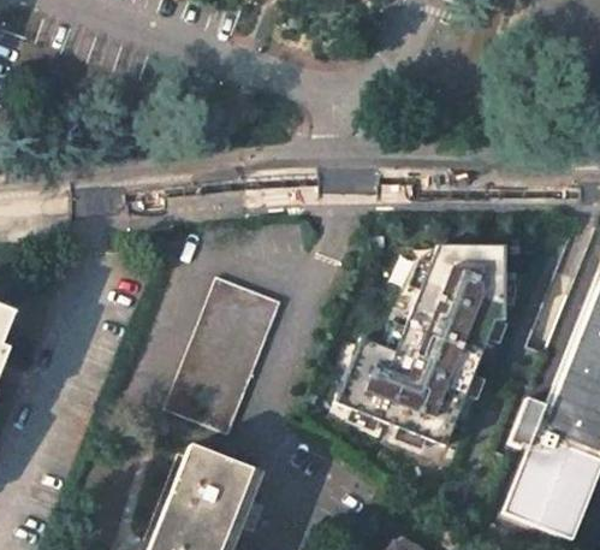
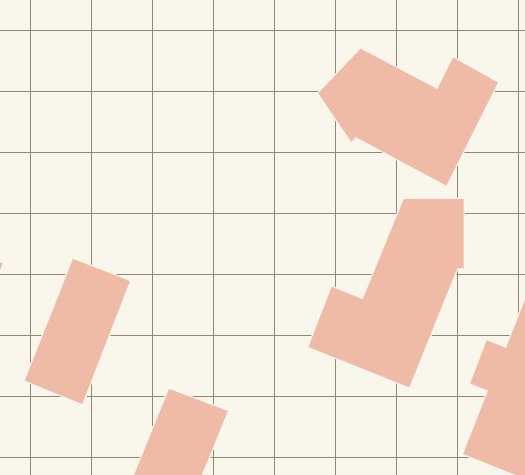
building: none -> [317,48,499,186]
building: [166,277,279,432] -> [24,258,131,405]

